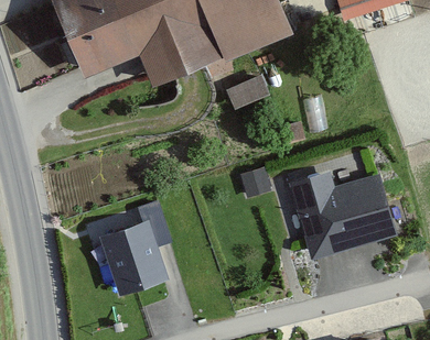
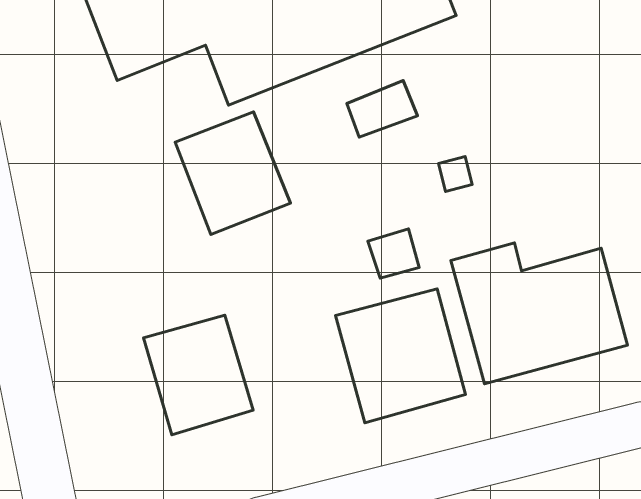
building: none -> [175,112,290,235]
building: none -> [336,289,465,423]

